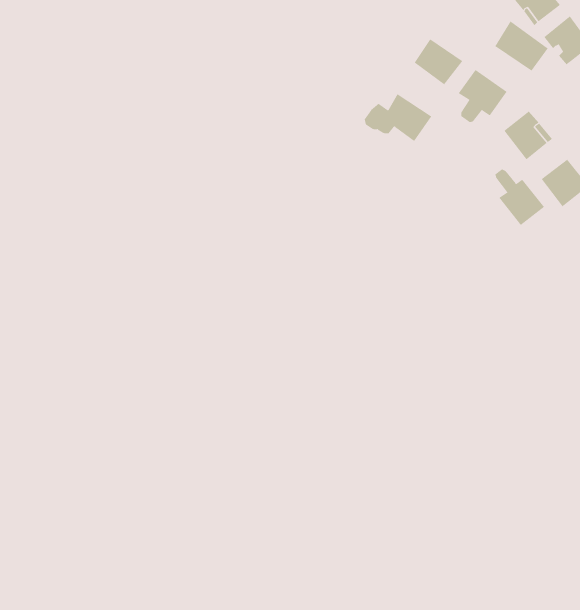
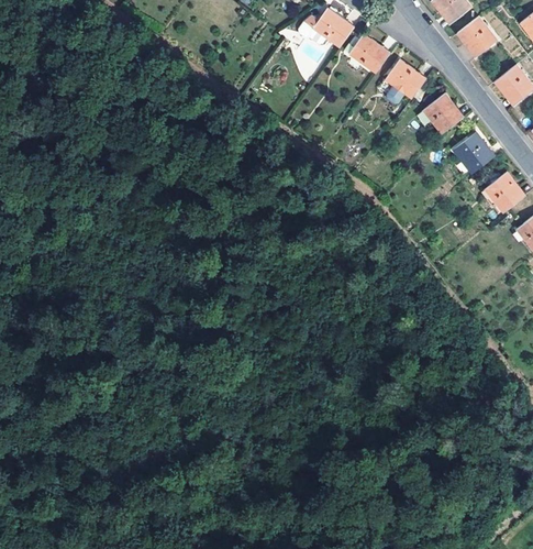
building: [495,21,549,71] -> none
building: [364,94,432,142] -> [298,8,354,47]
building: [495,169,545,226] -> none

